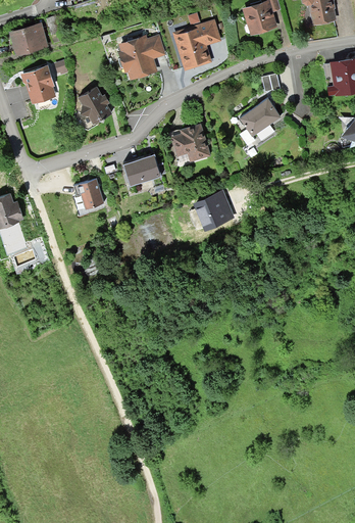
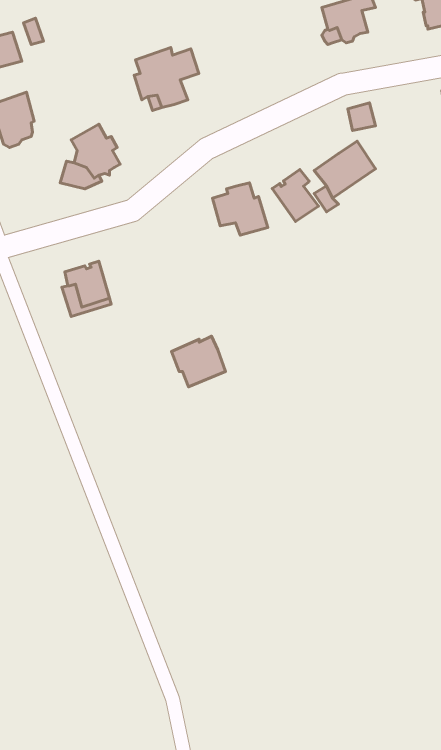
building: [176,23,217,64] -> none
building: none -> [272,170,318,221]
building: [123,153,162,185] -> none
building: [196,193,232,227] -> [172,336,225,387]

